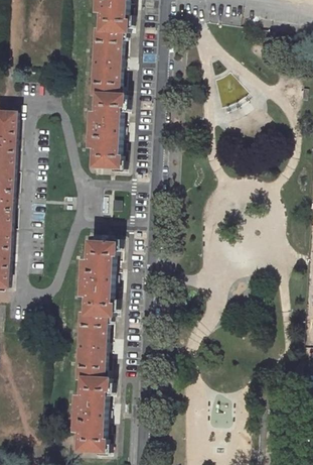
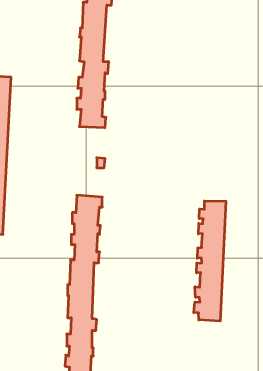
building: none -> [194,201,226,321]

